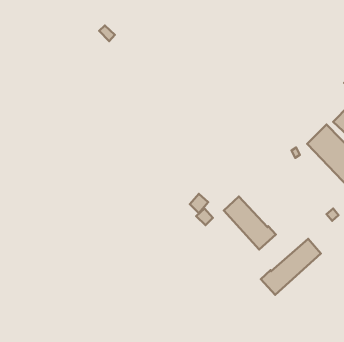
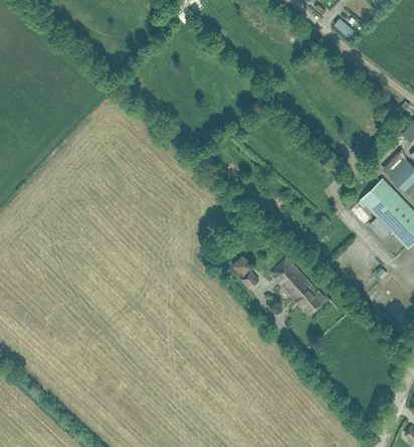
building: [261,239,321,295] -> none

